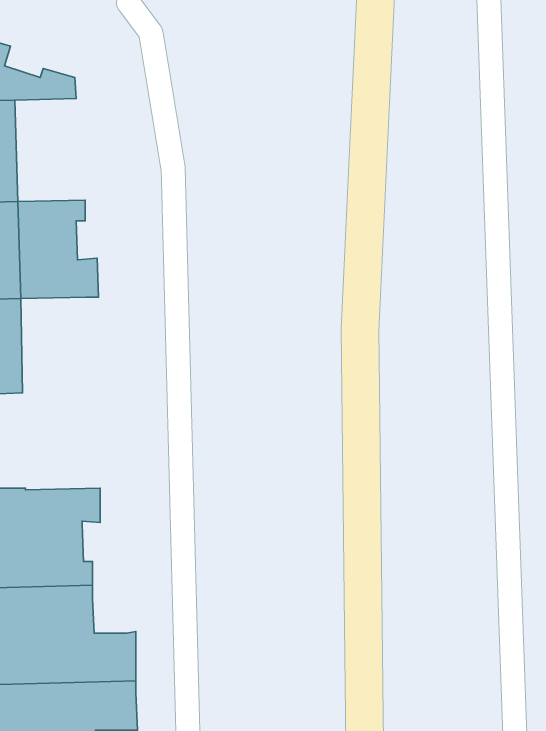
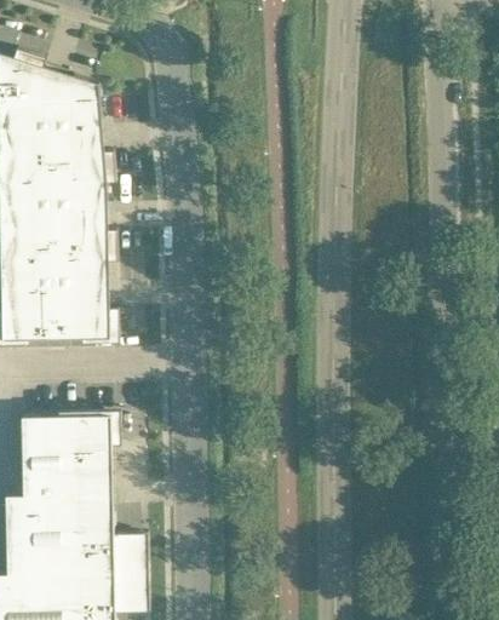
building: none -> [47,101,113,184]
building: none -> [52,262,116,340]

